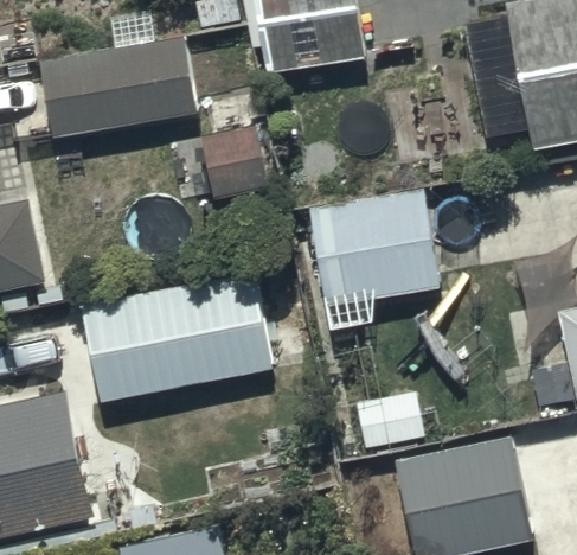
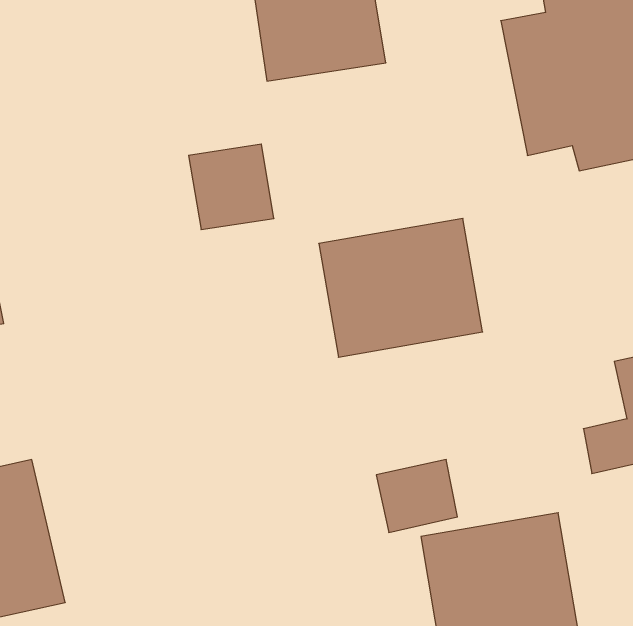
building: [47,34,207,140] -> none
building: [78,264,274,403] -> none

